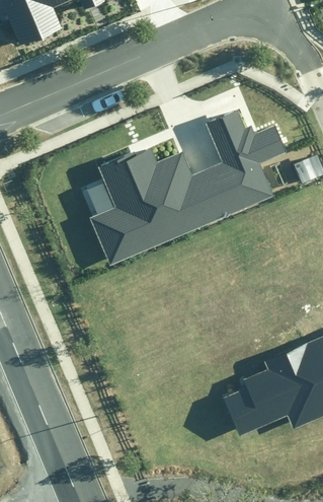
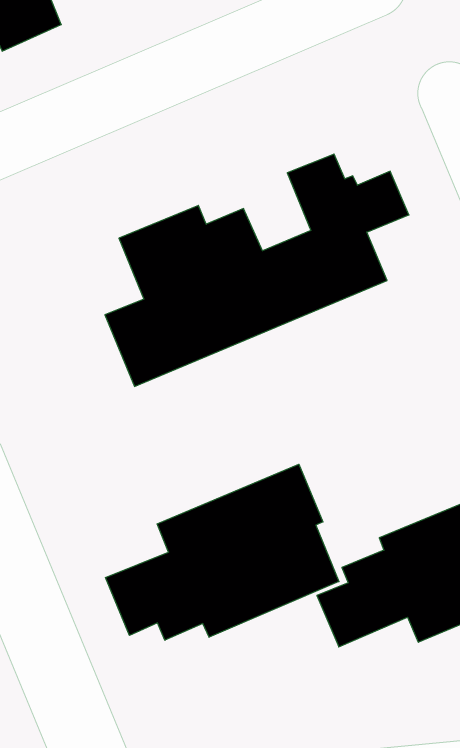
building: none -> [106,464,339,640]

